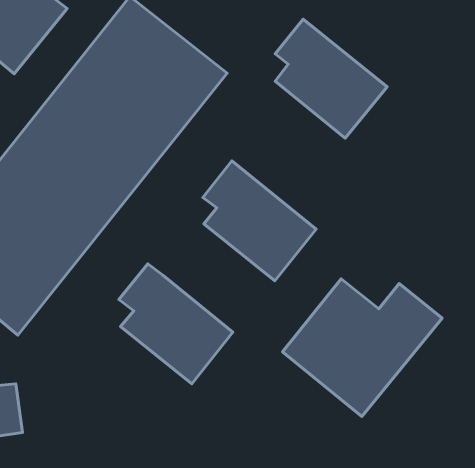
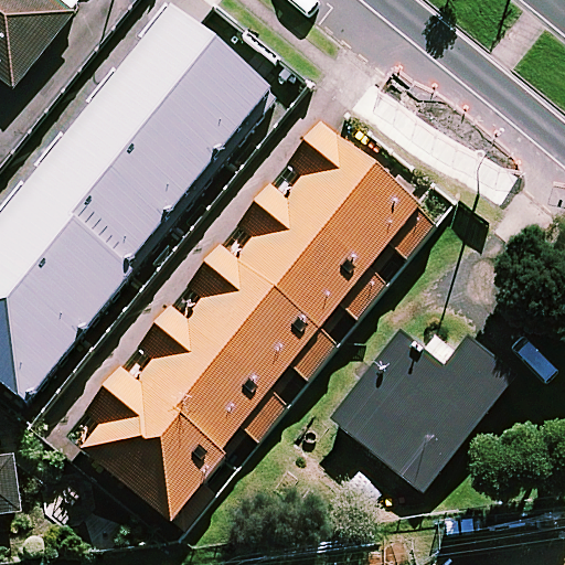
building: [275,19,387,138] -> [290,130,423,270]
building: none -> [189,250,324,392]
building: none -> [87,373,231,524]

